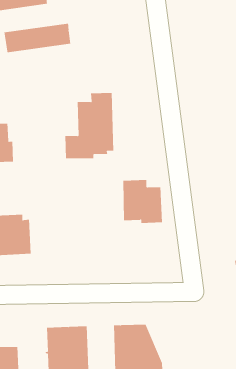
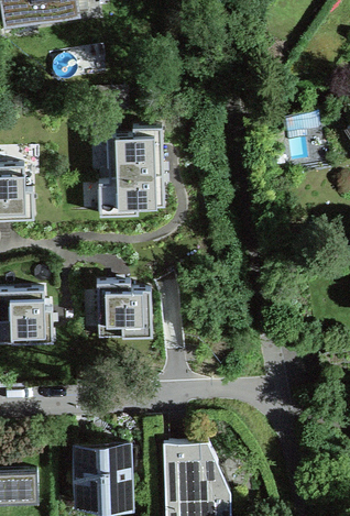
building: [4,23,71,53] -> none
building: [122,180,163,223] -> [97,285,151,343]

